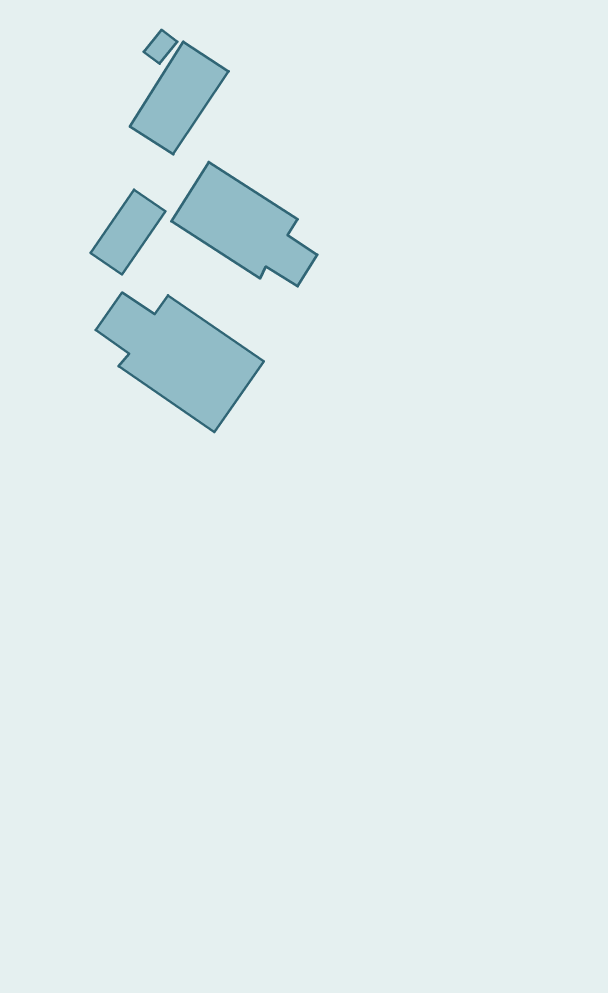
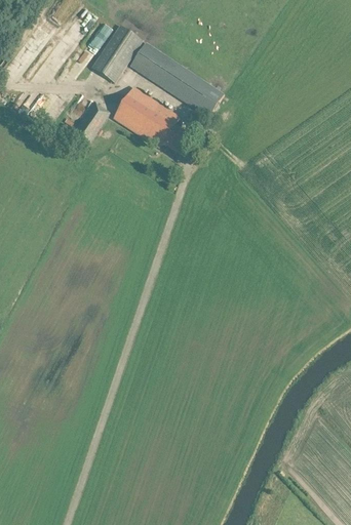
building: none -> [128,41,223,117]
building: [96,293,264,432] -> none

